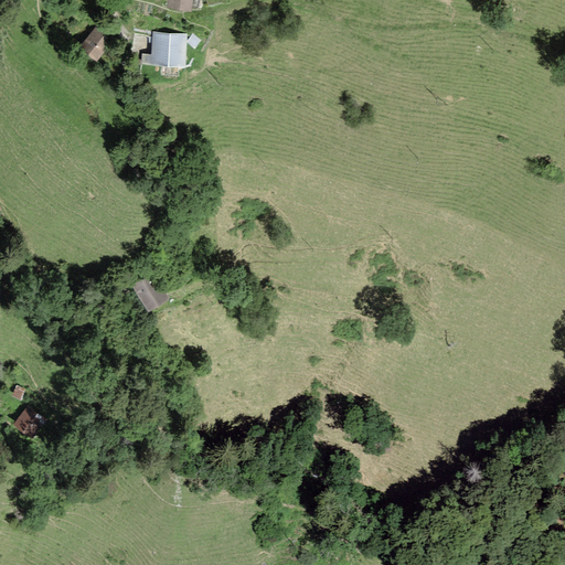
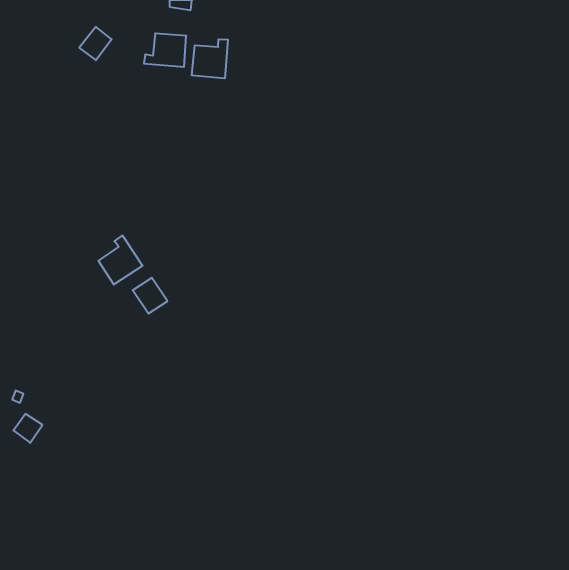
building: none -> [192,39,228,78]
building: none -> [98,235,143,285]

